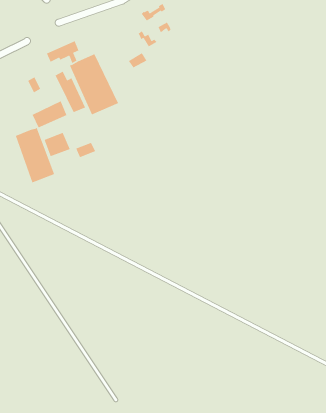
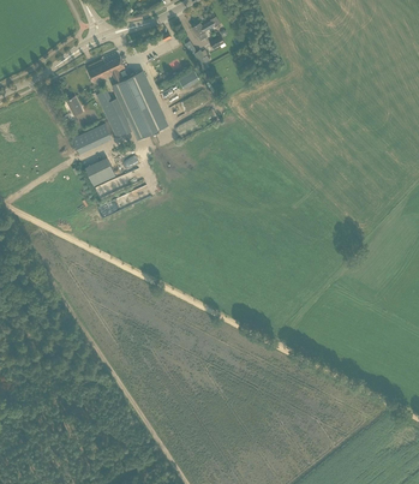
building: [15,127,55,184] -> none

